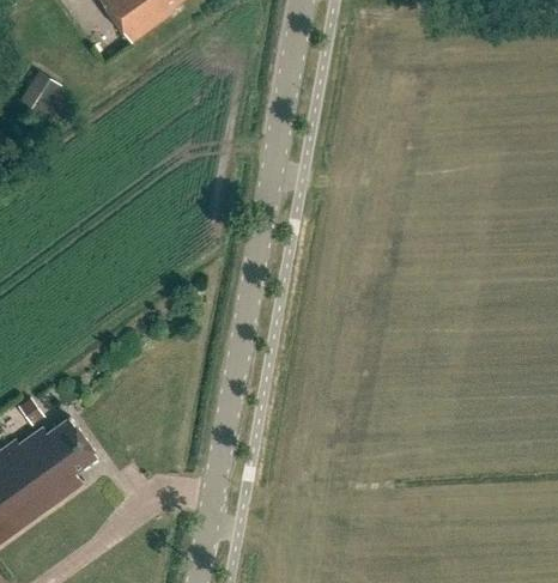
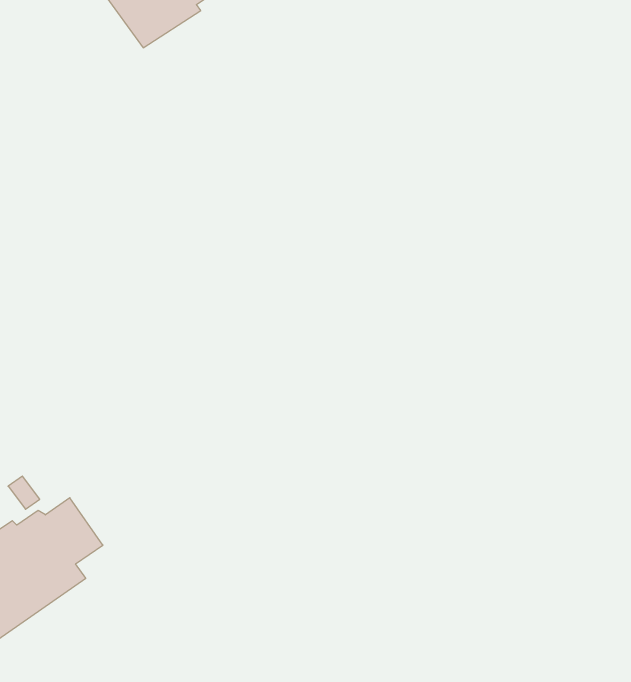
building: [22,72,60,114] -> none

